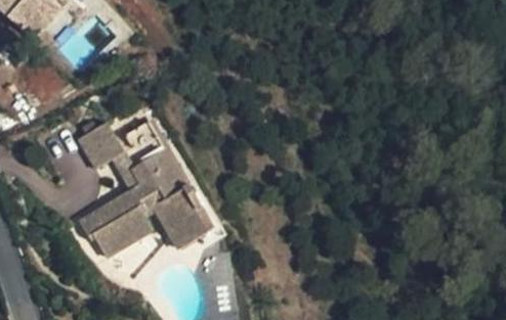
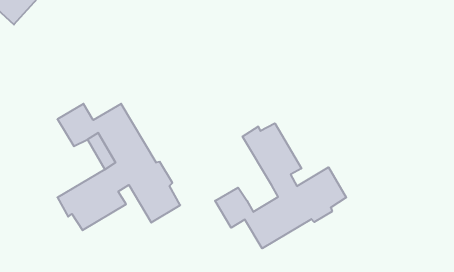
building: none -> [215,123,346,248]

